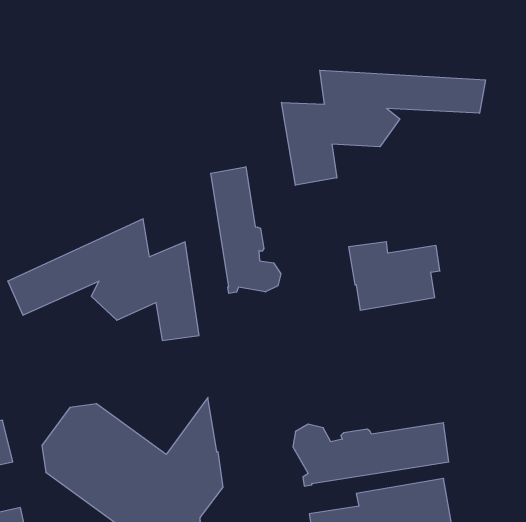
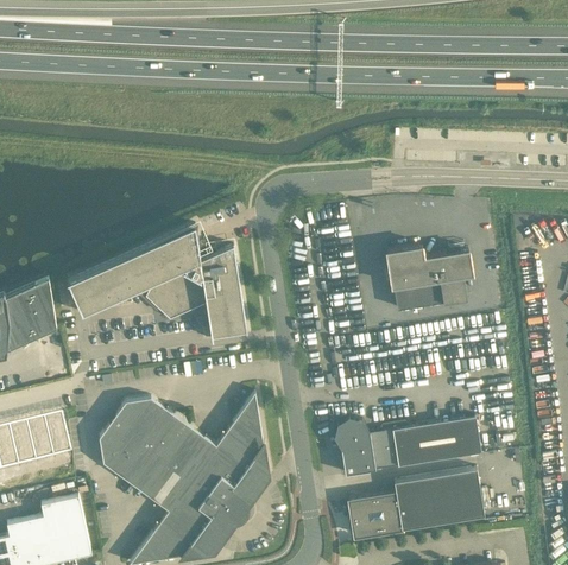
building: [282,70,485,185] -> none
building: [211,167,281,293] -> none

